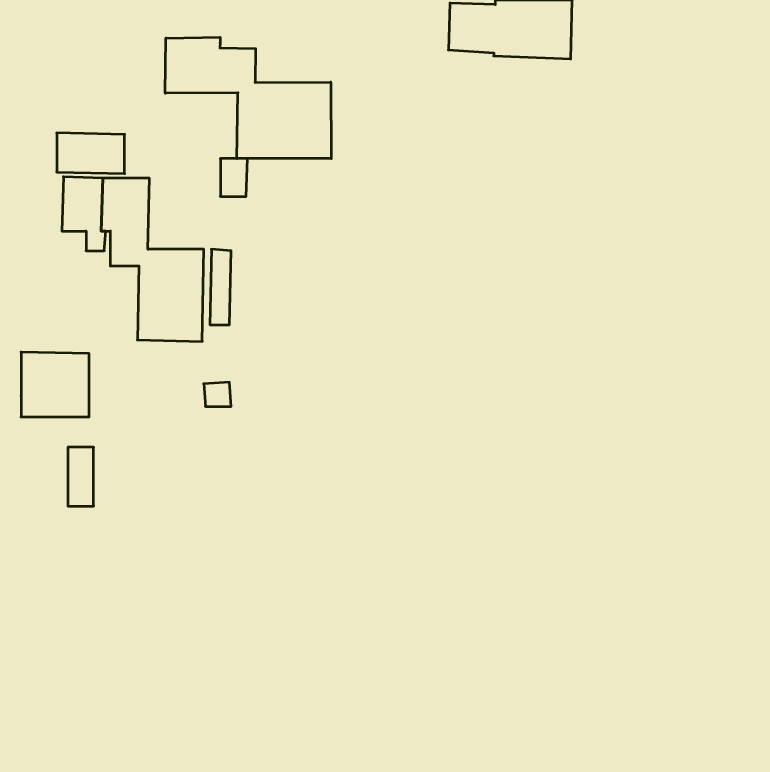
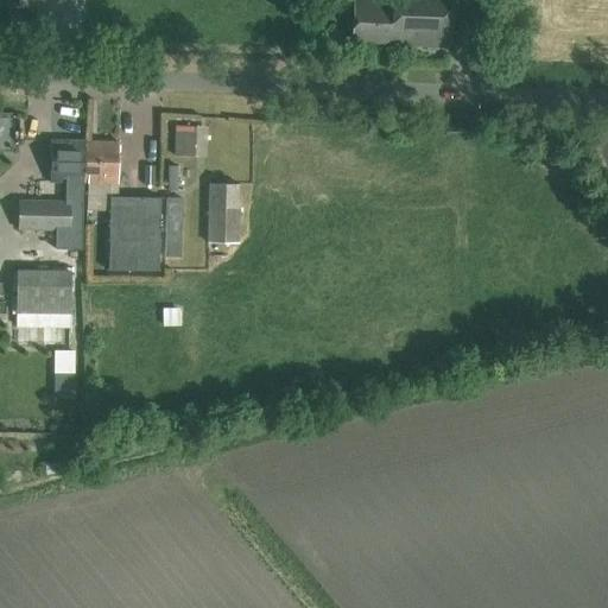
building: [165,37,331,159] -> none
building: [57,133,125,174] -> [18,198,71,230]
building: none -> [208,182,240,242]

